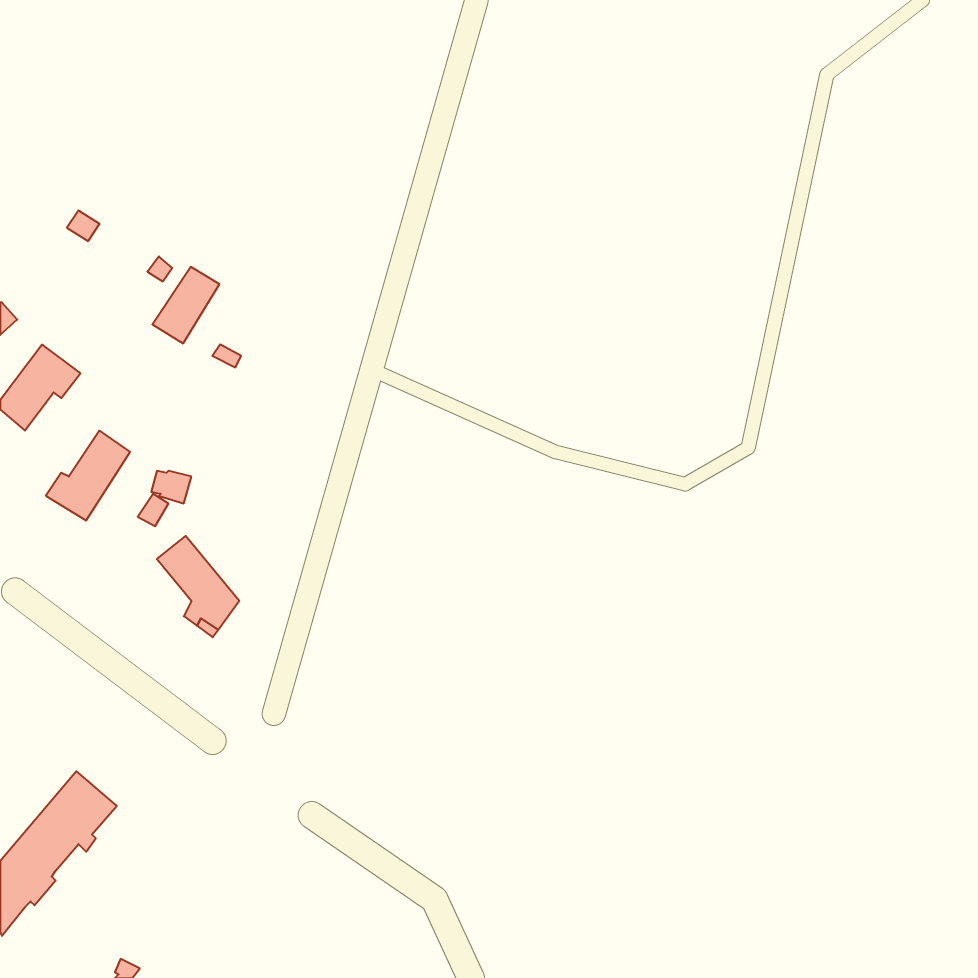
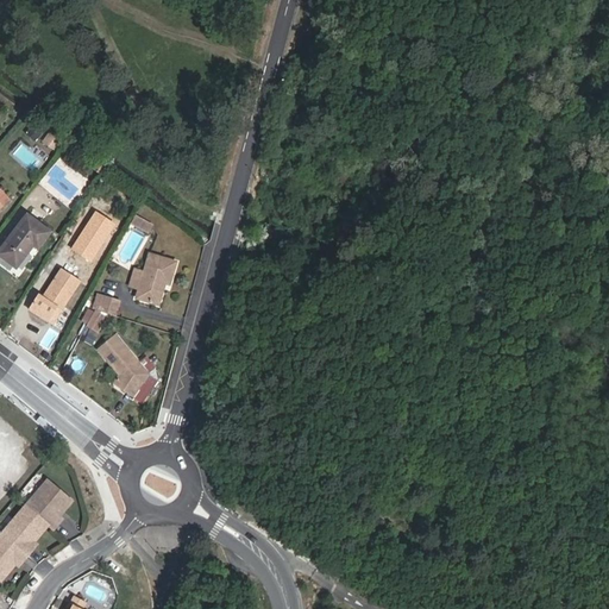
building: [152,267,219,343] -> [73,213,114,260]
building: none -> [128,250,176,301]

